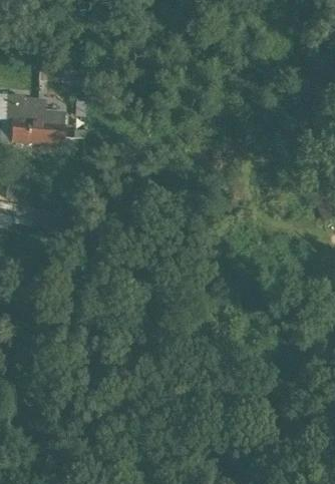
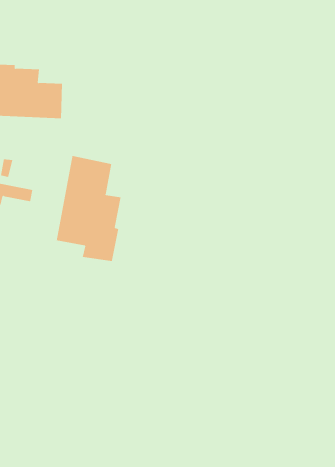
building: none -> [56,155,121,262]

